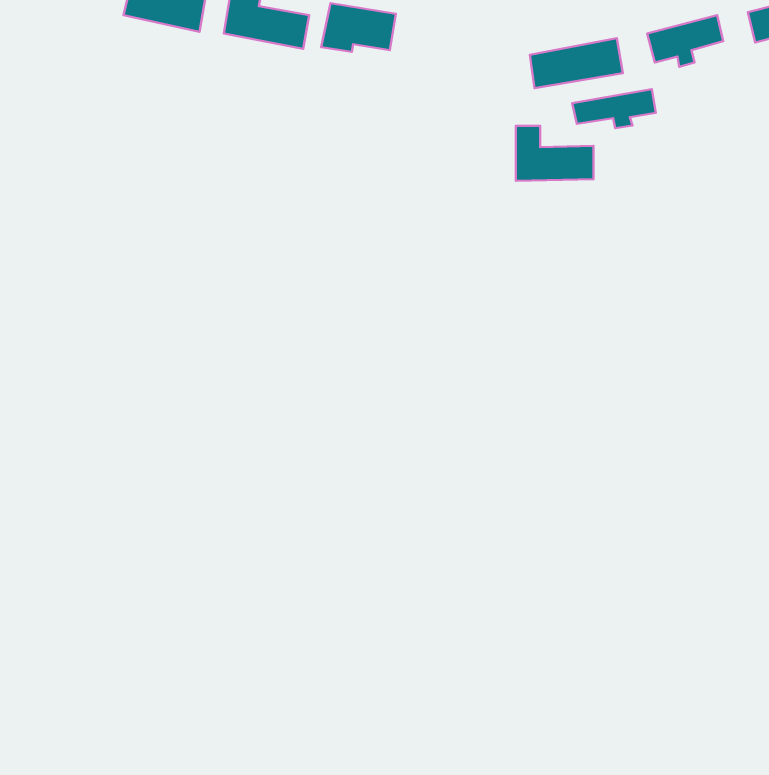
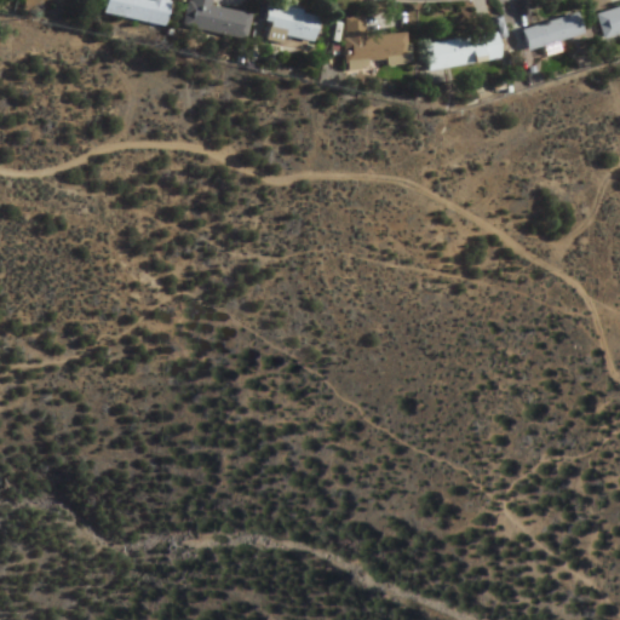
building: [572,89,656,128] -> none
building: [516,126,594,181] -> [349,17,411,61]

